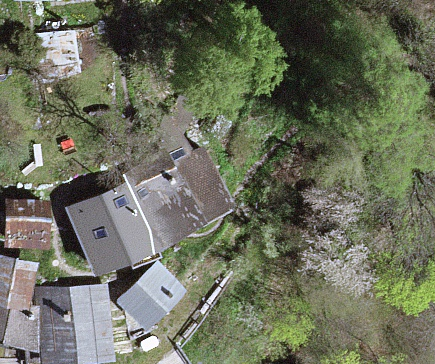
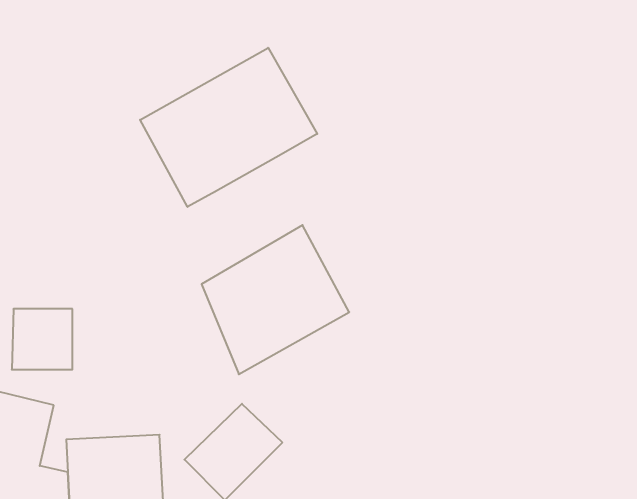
building: none -> [140,48,317,207]
building: [71,189,154,271] -> none

